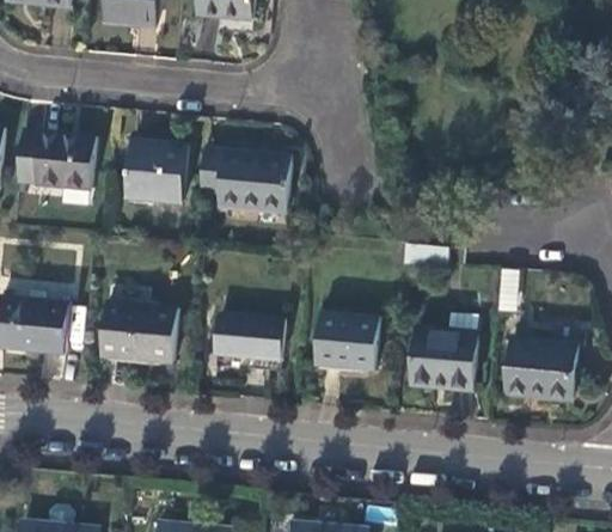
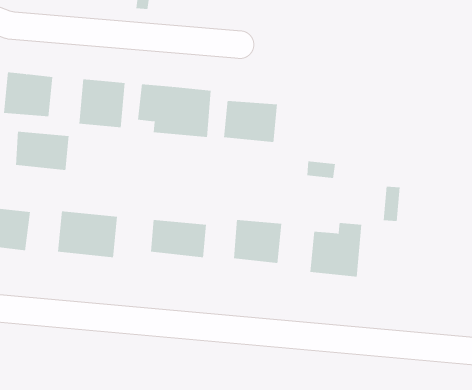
building: none -> [223,100,278,143]
building: none -> [15,131,69,171]
building: [503,340,571,393] -> none

